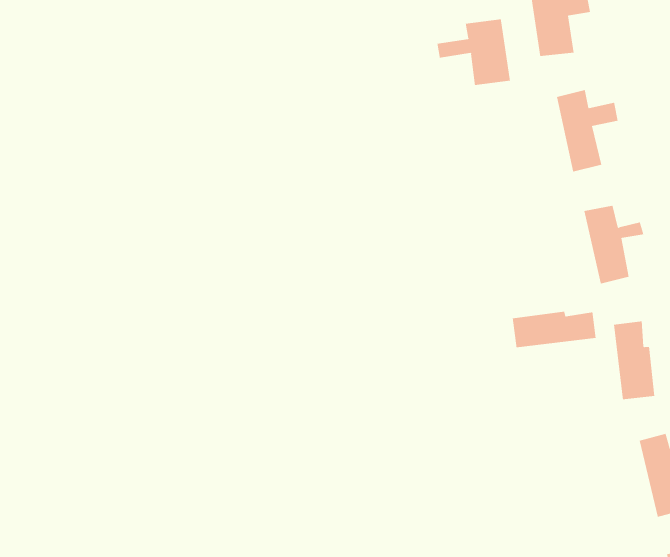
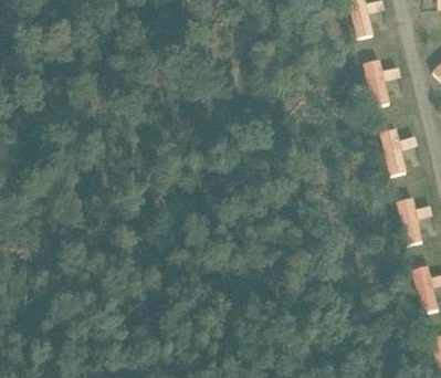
building: [437,19,510,86] -> none
building: [512,311,596,348] -> none

